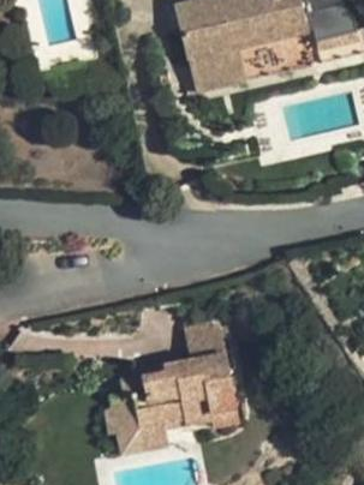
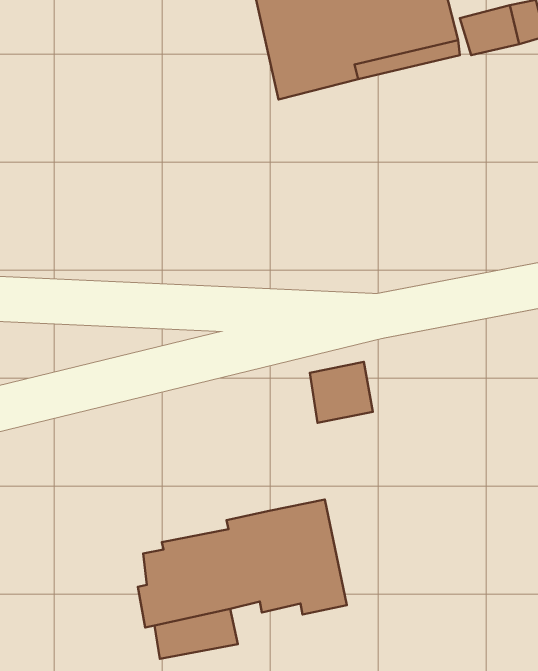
building: [184,319,225,359] -> [310,362,373,423]

